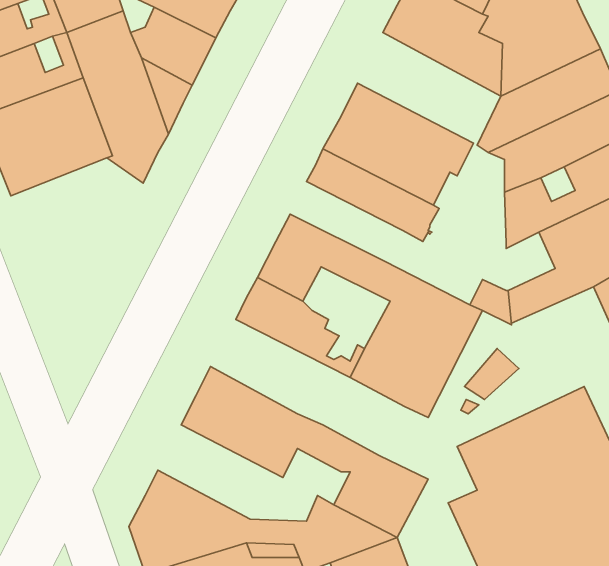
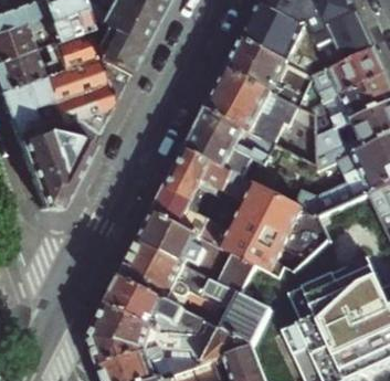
building: none -> [228,39,315,107]
building: none -> [17,115,97,208]
building: none -> [187,129,255,178]
building: none -> [138,213,256,296]
building: none -> [106,277,203,336]

